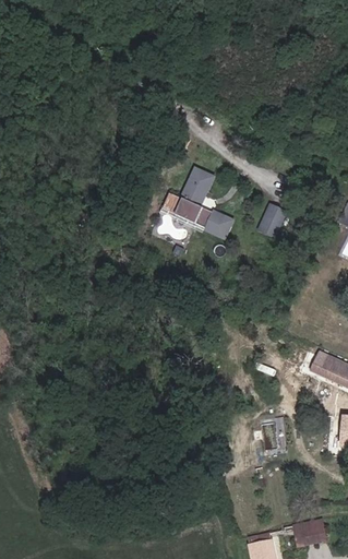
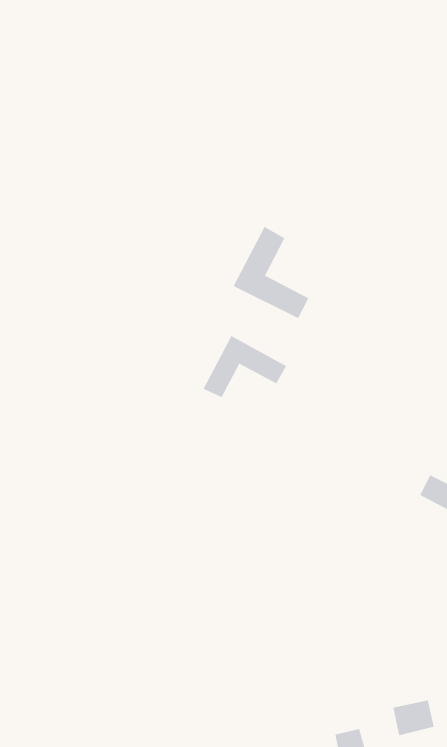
building: [256,207,284,239] -> none
building: none -> [203,335,287,398]

